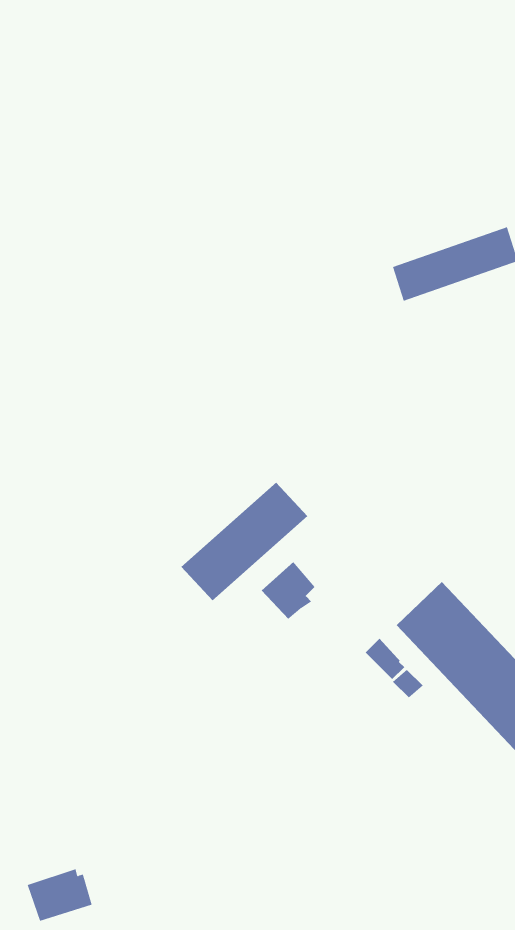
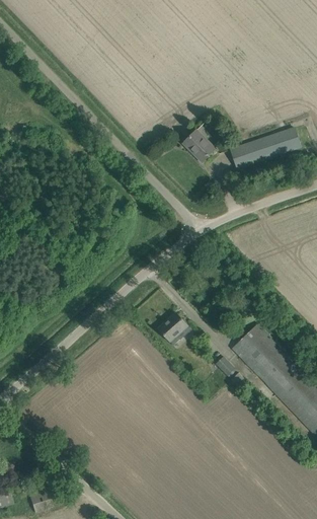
building: none -> [183,130,216,161]
building: [181,482,308,601] -> none

